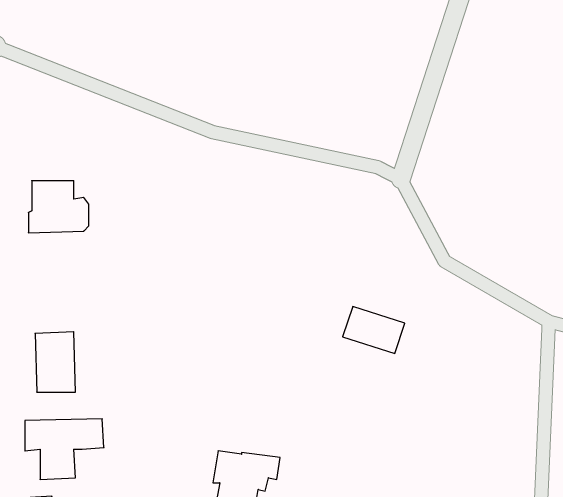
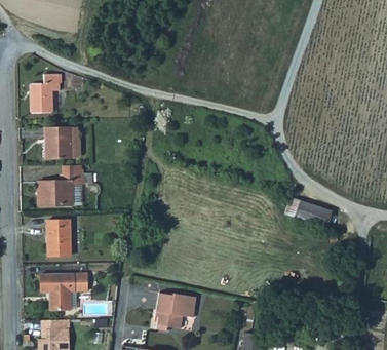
building: none -> [30,73,59,111]
building: none -> [37,173,83,205]
building: [343,307,405,353] -> [295,200,333,229]

